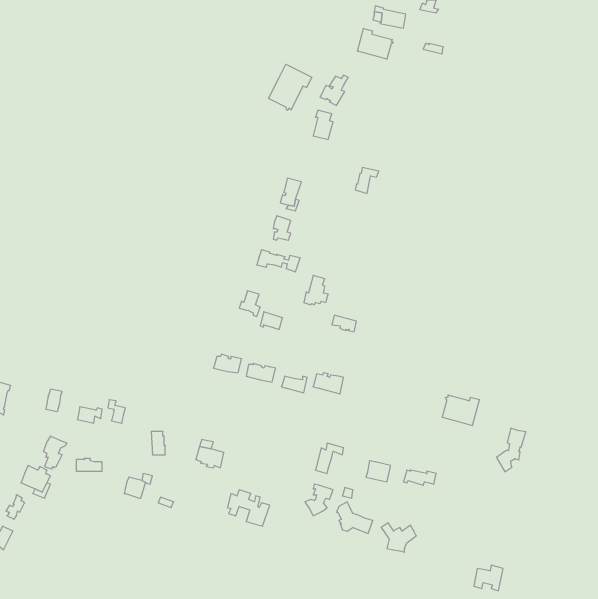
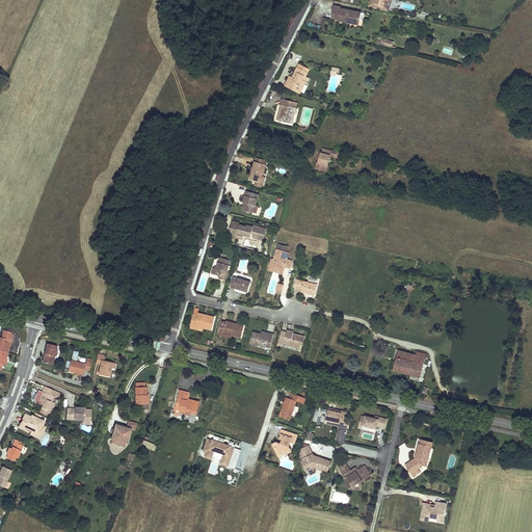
building: [358,28,393,59] -> none
building: [269,64,312,110] -> none
building: [497,428,526,472] -> [405,438,431,477]

